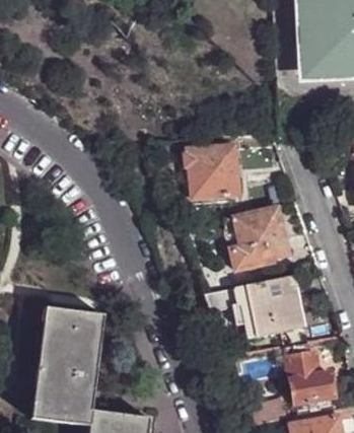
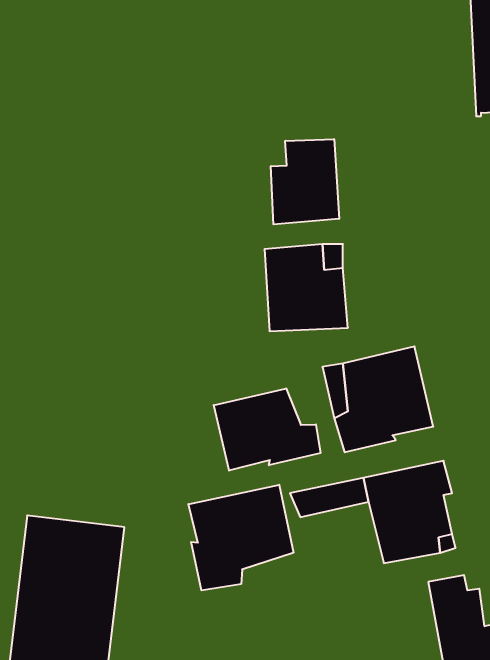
building: none -> [271,139,339,224]
building: none -> [214,388,320,471]
building: none -> [188,485,293,590]

